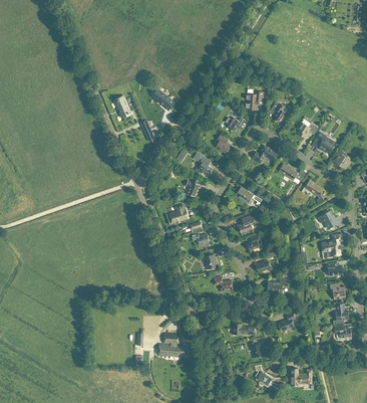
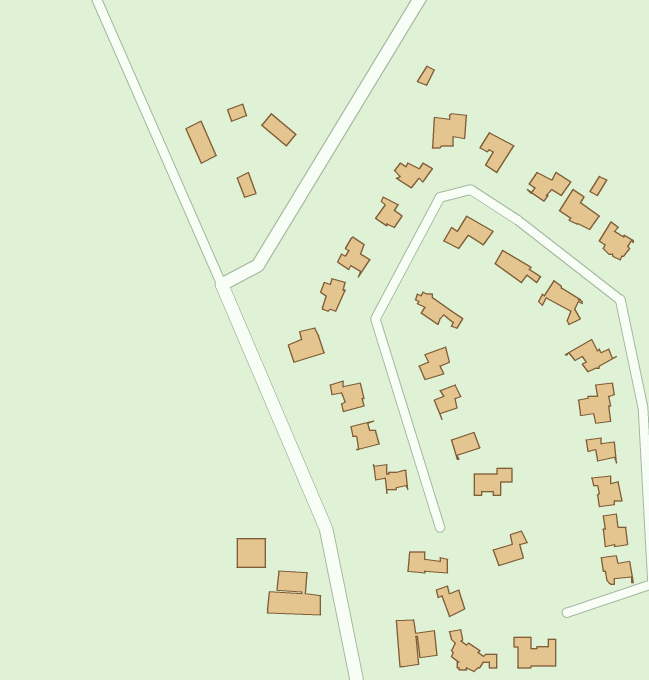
building: none -> [396,620,437,667]

